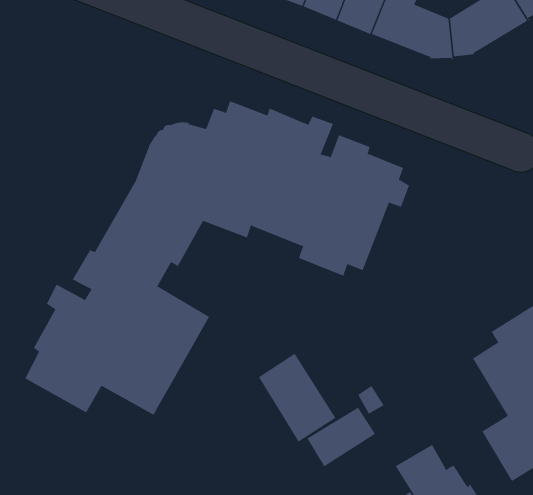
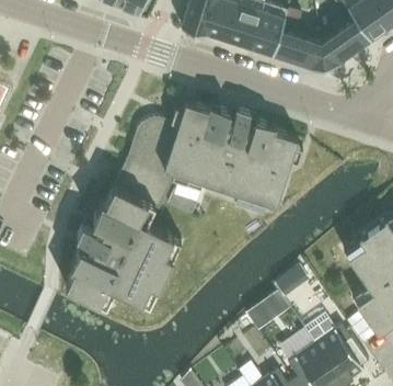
building: [258,352,336,442] -> none

